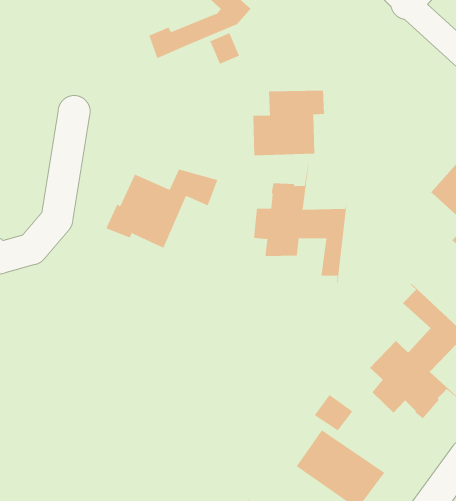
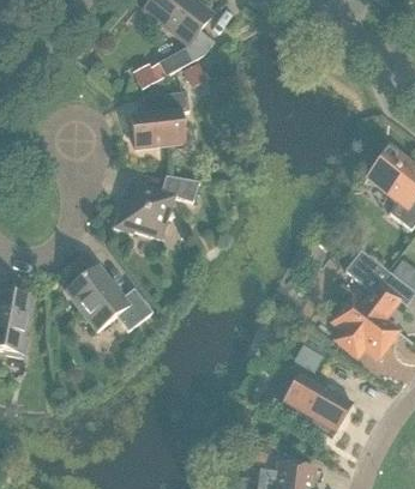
building: [253,90,325,156] -> [131,91,188,149]
building: [254,162,348,284] -> none
building: none -> [66,266,151,331]

